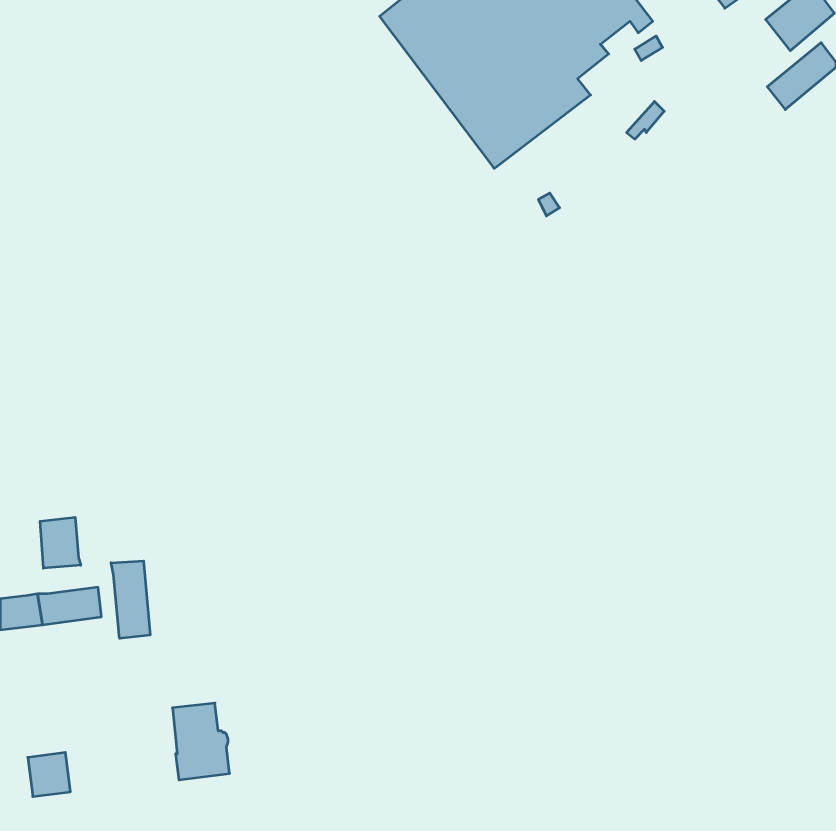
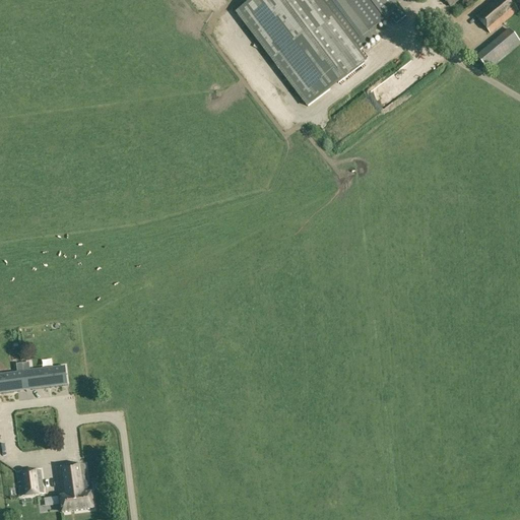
building: [40,517,81,568] -> none
building: [111,561,150,638] -> none
building: [172,703,230,780] -> [58,462,93,510]

